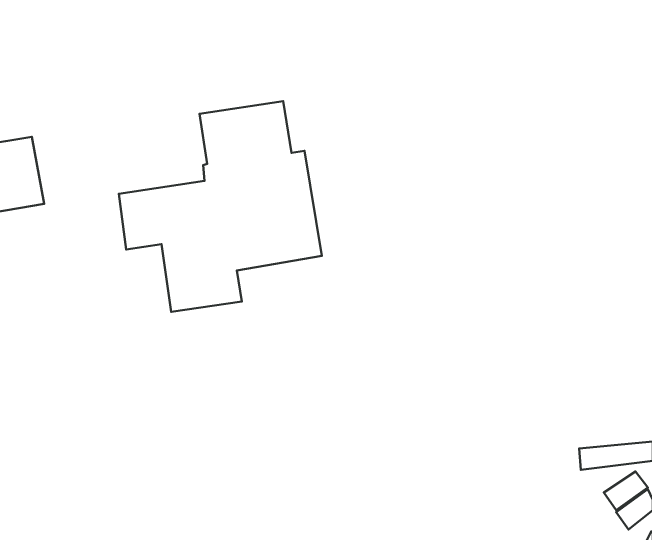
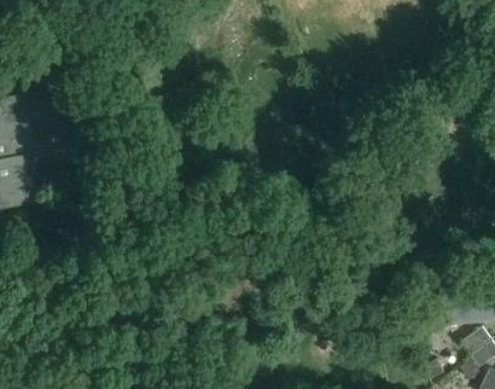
building: [119,101,322,312] -> none

